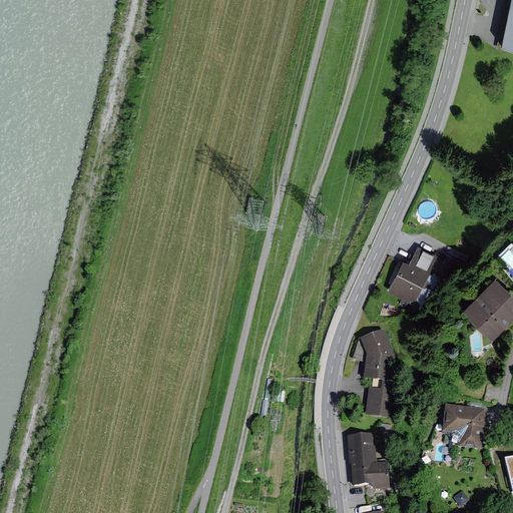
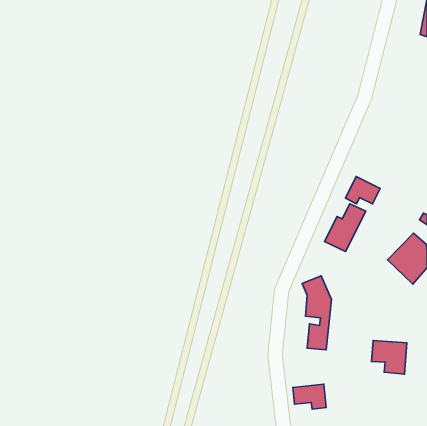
building: none -> [345,177,380,204]
building: [347,432,376,463] -> none

